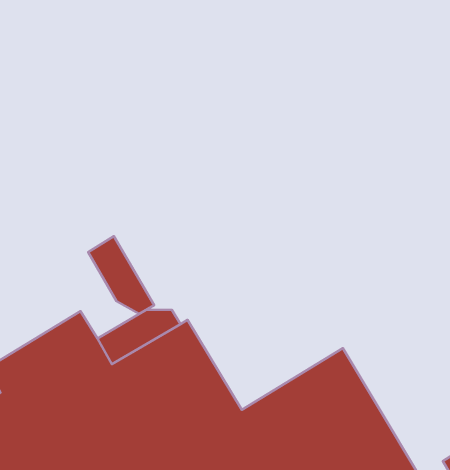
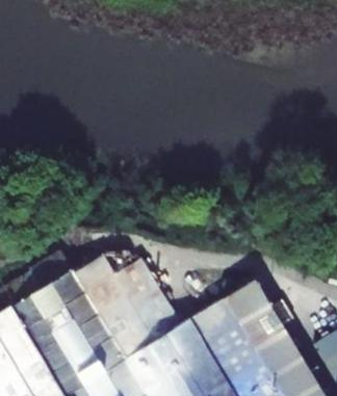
building: [88,236,154,314] -> none

